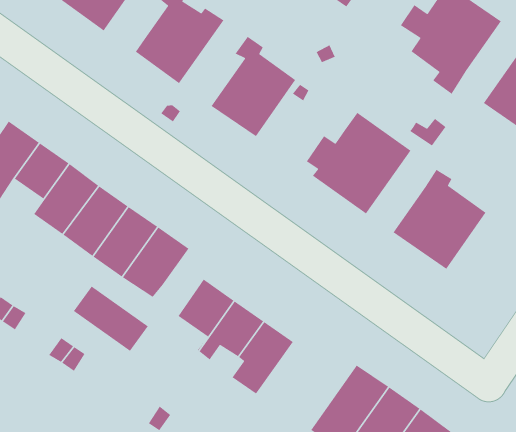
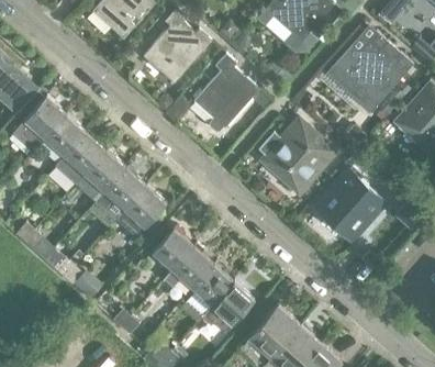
building: [73,286,149,352] -> none
building: none -> [203,281,254,333]

